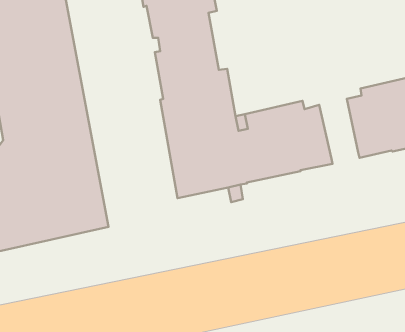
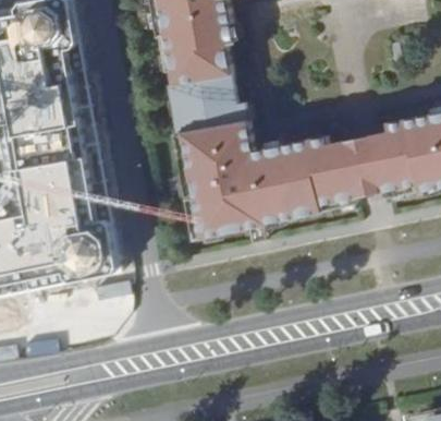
building: none -> [345,133,387,196]

